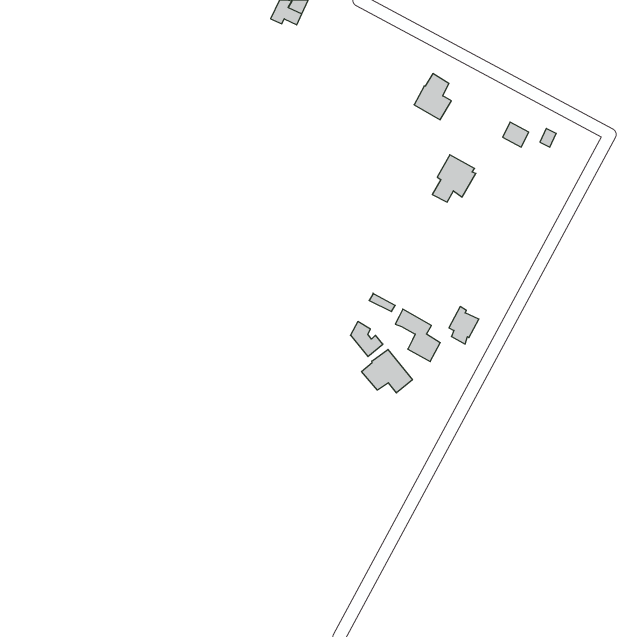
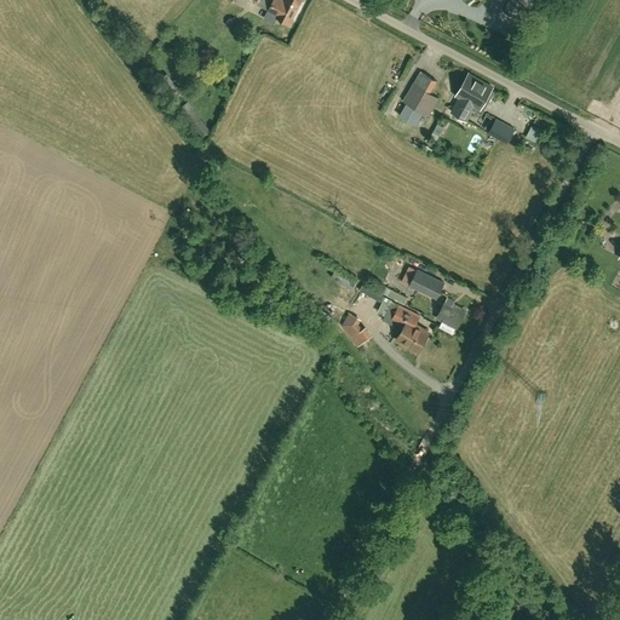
building: [432,155,476,202] -> [450,74,493,120]
building: none -> [408,269,444,300]
building: [362,349,412,393] -> none

